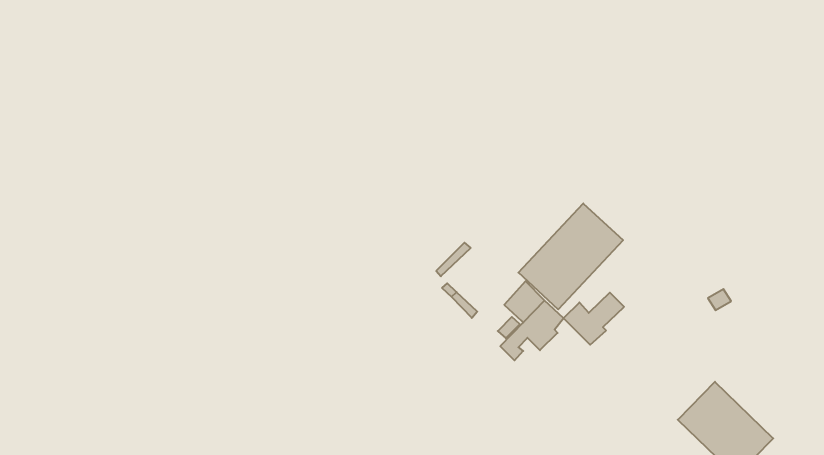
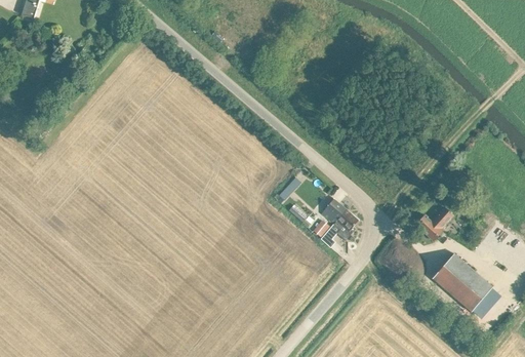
building: [518,203,623,309] -> none
building: [563,293,624,345] -> [415,207,452,240]

